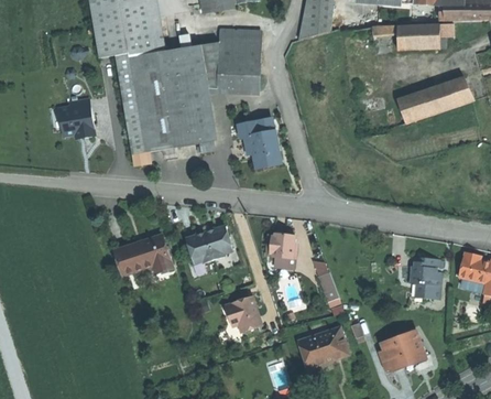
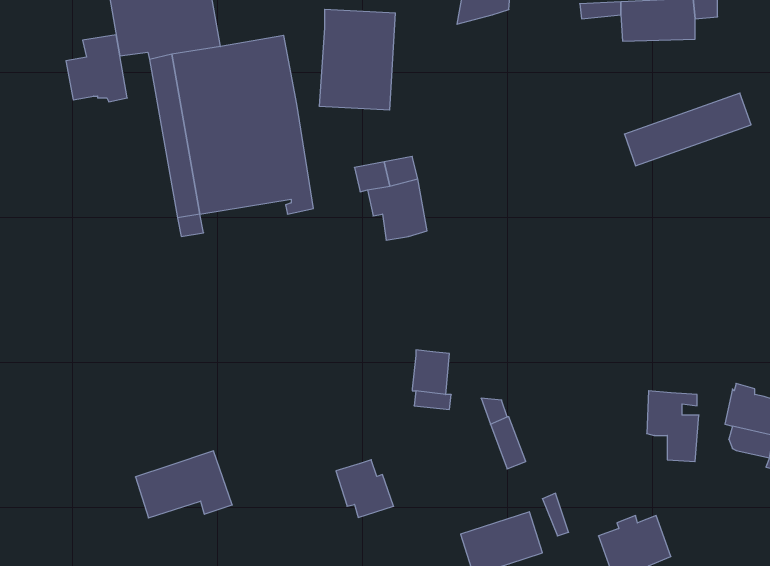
building: [196,41,220,87] -> none
building: [58,97,95,137] -> [66,35,127,102]
building: [184,224,232,262] -> none
building: [114,234,172,273] -> [135,451,232,518]

